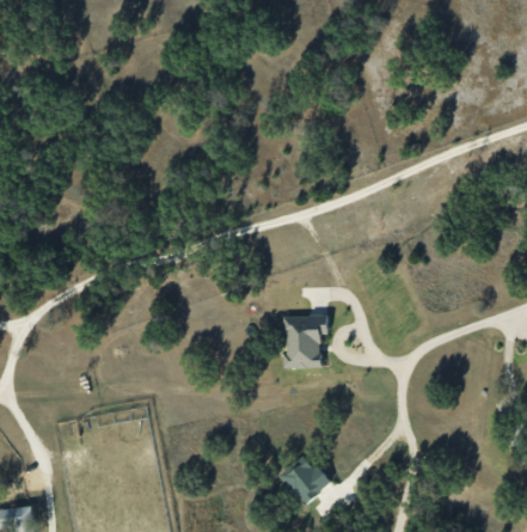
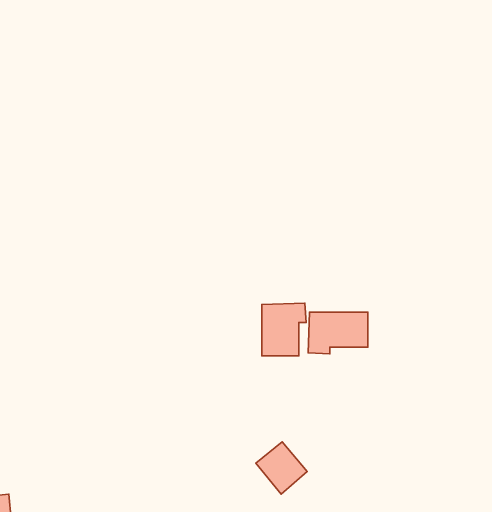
building: none -> [308,312,368,354]

